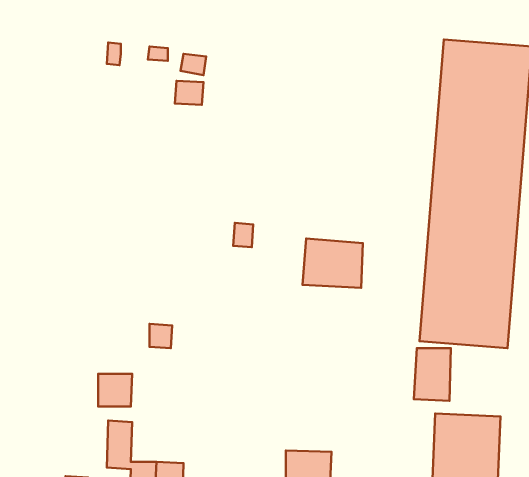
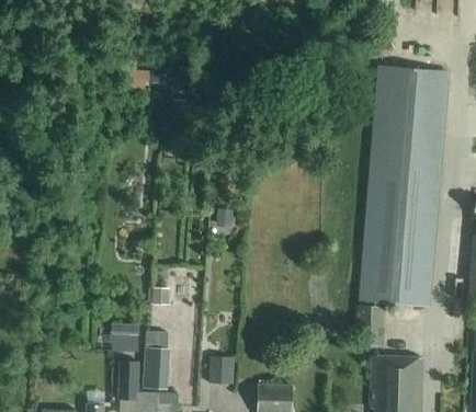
building: [302,239,363,288] -> none
building: none -> [144,331,172,390]
building: none -> [209,357,236,385]

